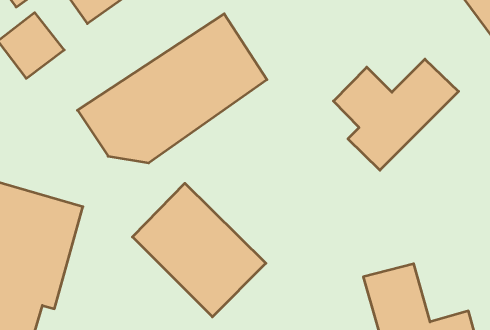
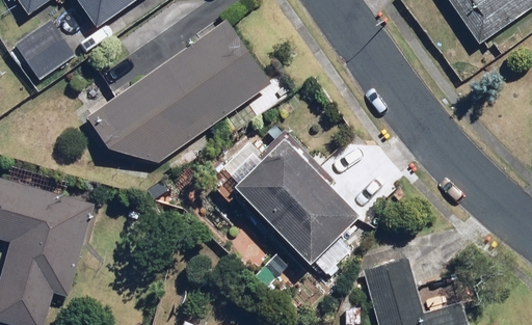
building: [333,59,459,170] -> none
building: [132,183,266,317] -> [236,140,363,267]

